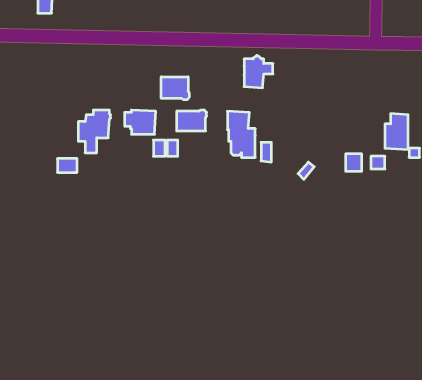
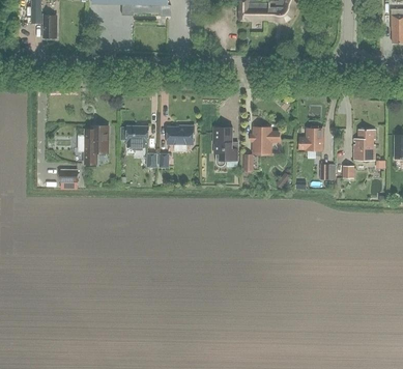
building: [244,55,273,88] -> [253,123,279,152]
building: [161,77,189,100] -> none
building: none -> [299,127,321,154]

